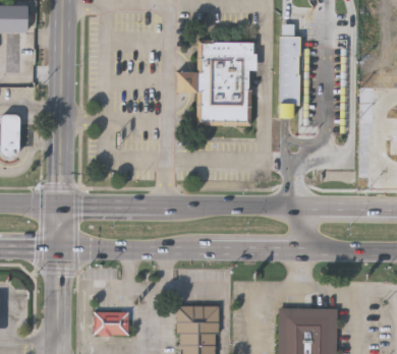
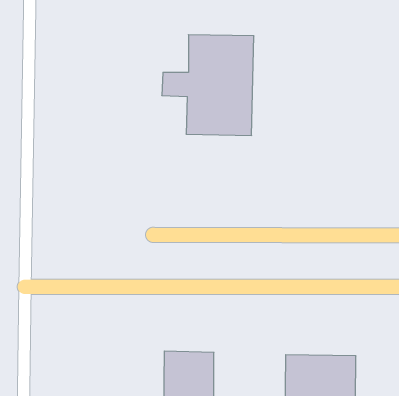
building: [280,37,300,118] -> none
building: [96,311,129,336] -> none

